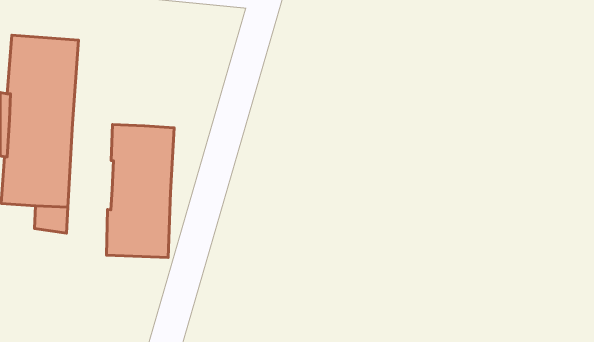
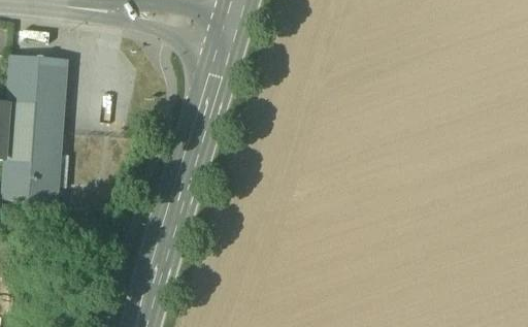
building: [106,124,174,258] -> none

